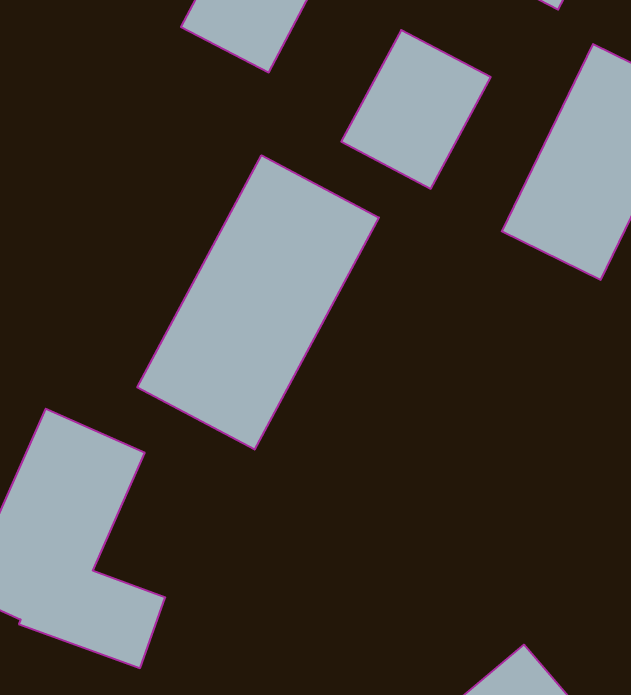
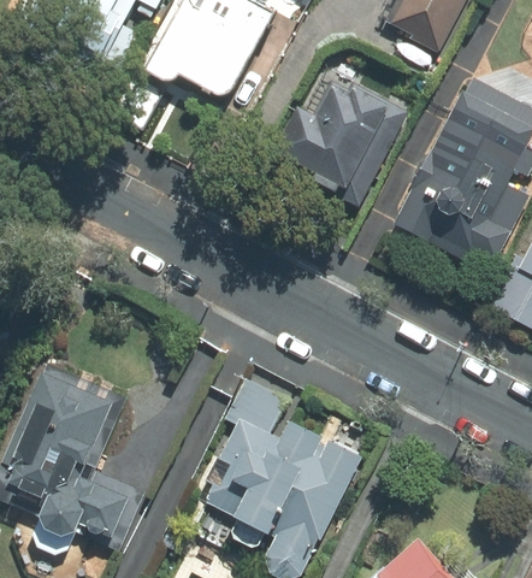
building: [137,155,379,450] -> none
building: none -> [202,403,363,564]

